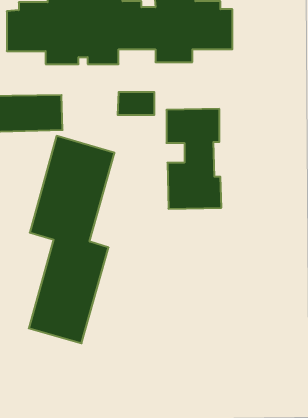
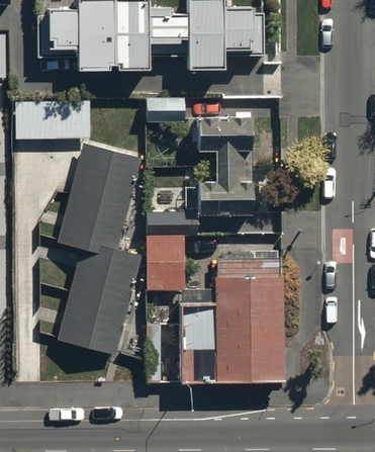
building: none -> [147,210,196,289]
building: none -> [179,275,281,381]

